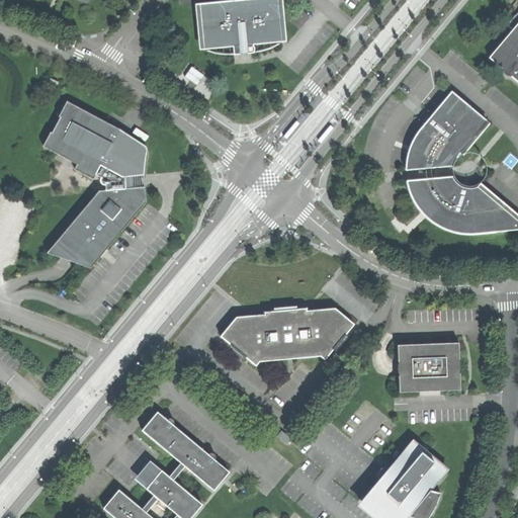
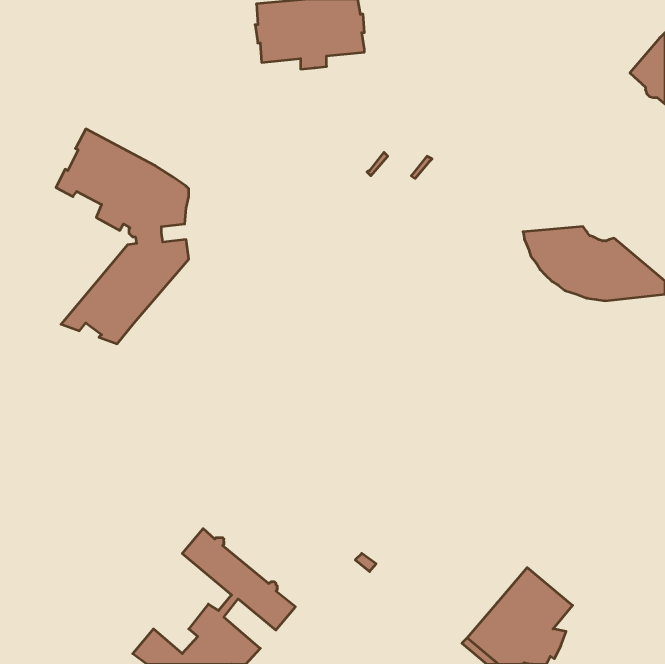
building: [406,90,487,169] -> none
building: [221,309,355,365] -> none
building: [399,343,461,392] -> none
building: [135,460,162,489] -> none

